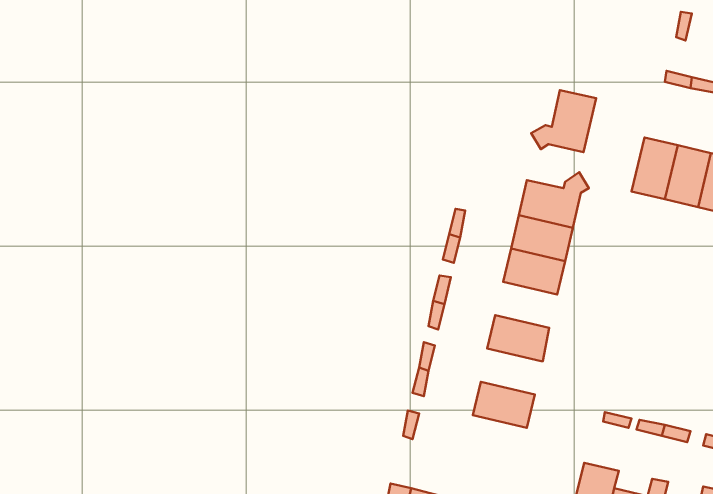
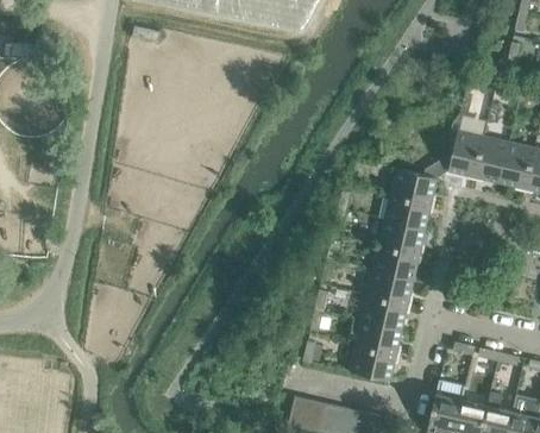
building: [531,90,596,152] -> [435,131,484,177]
building: none -> [372,245,419,280]
building: none -> [362,295,407,330]
building: none -> [350,345,396,381]

